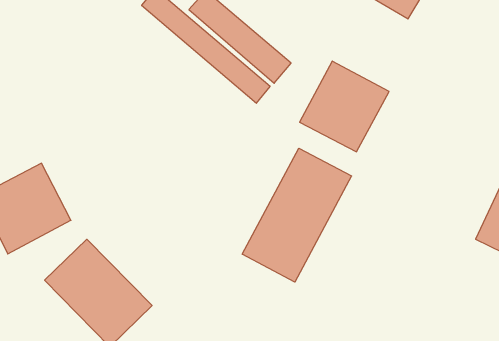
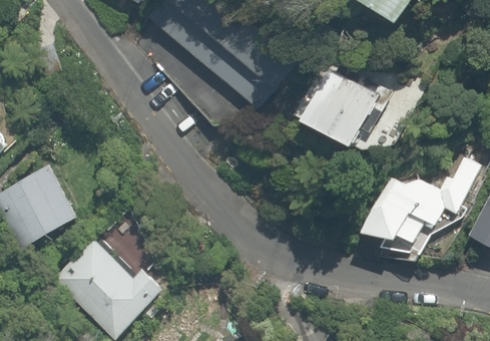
building: [242,148,352,282] -> none
building: none -> [360,152,480,260]

